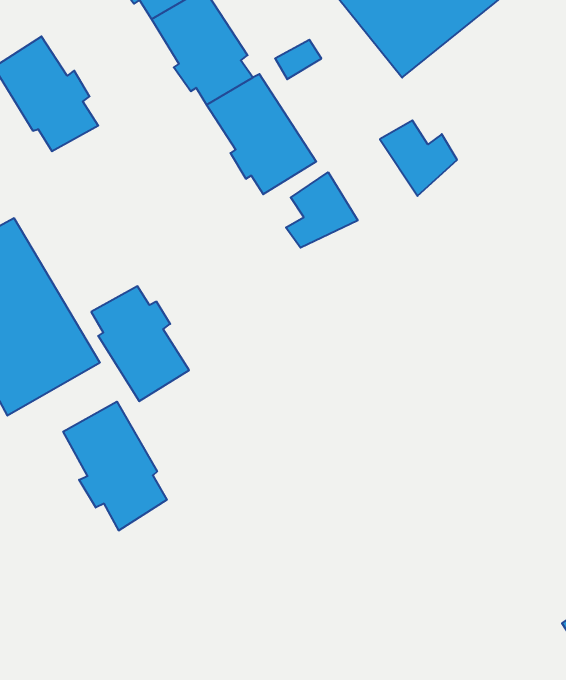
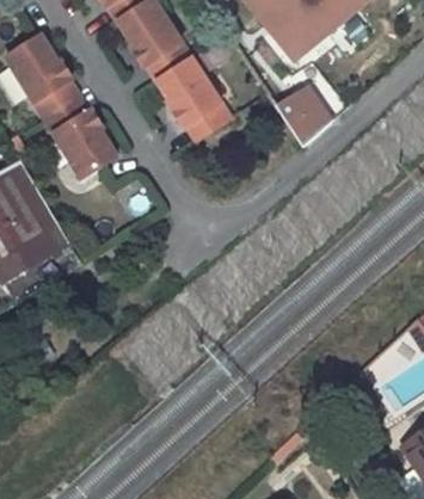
building: [286,172,358,248] -> none
building: [91,286,189,401] -> [48,96,116,175]
building: [63,402,167,531] -> none

